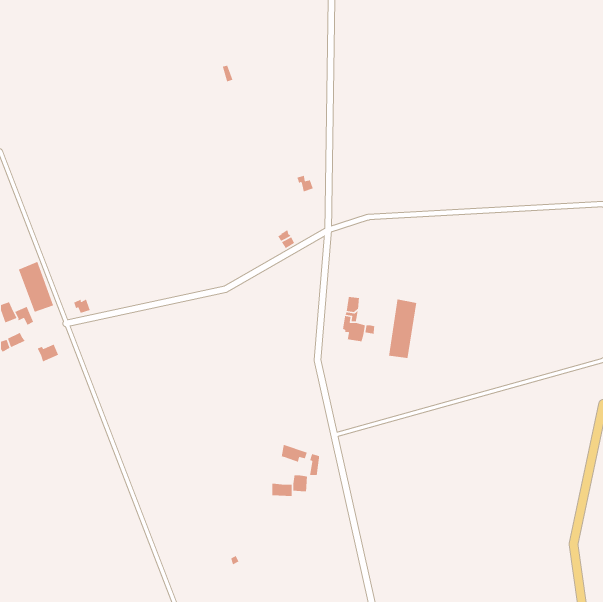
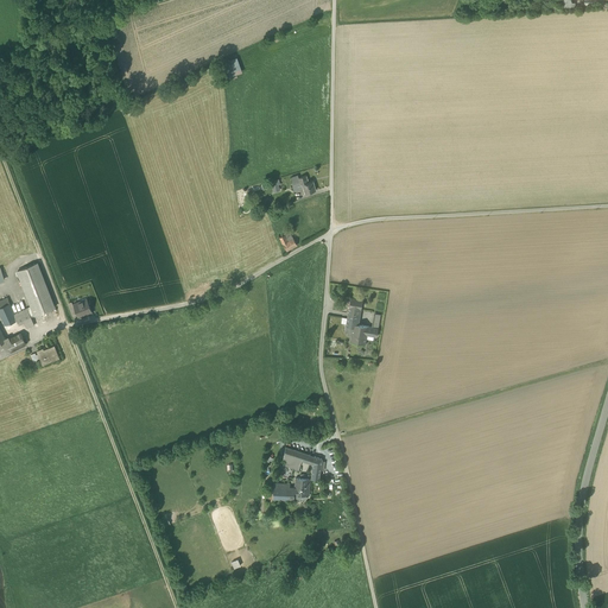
building: [388,299,417,359] -> none

